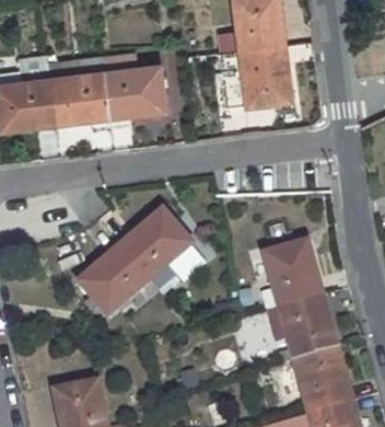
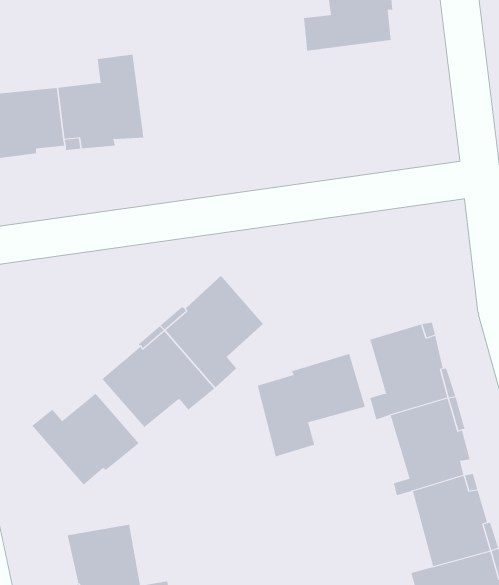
building: [218,46,291,109] -> none
building: [103,66,162,114] -> none
building: none -> [257,353,366,457]
building: none -> [32,393,139,486]

